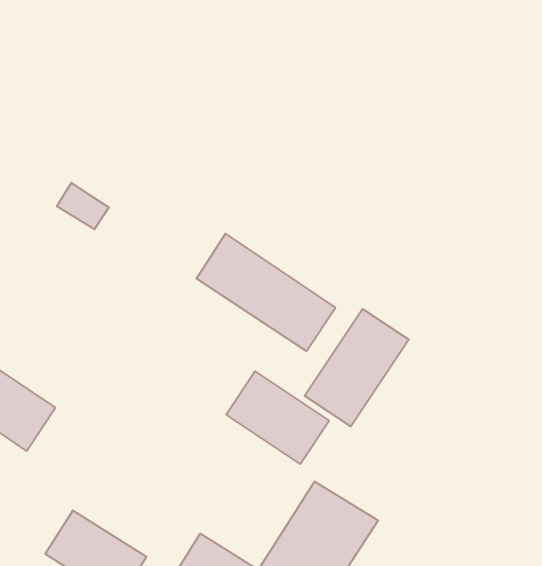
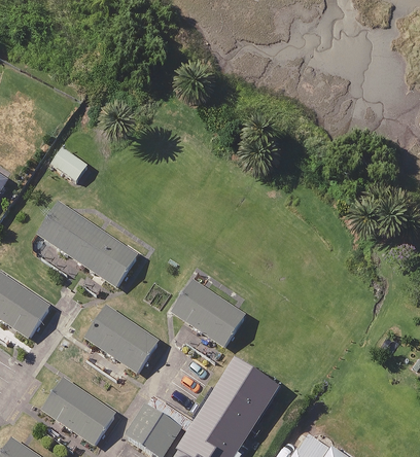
building: [196,234,335,351] -> [38,202,137,285]
building: [305,309,409,426] -> none
building: none -> [84,306,157,372]

